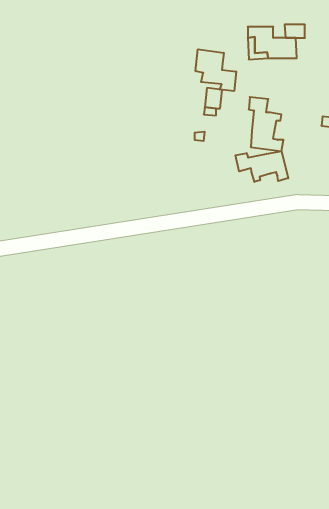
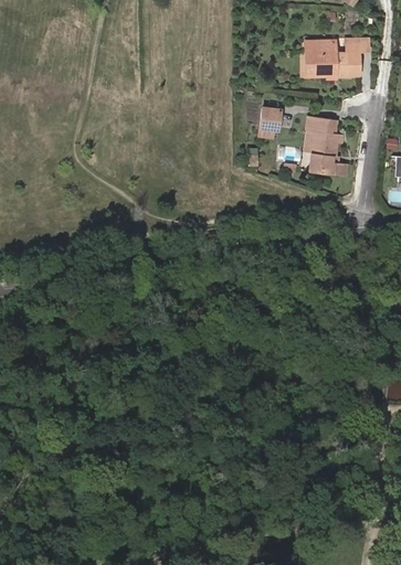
building: [196,49,236,91] -> none
building: [235,151,288,182] -> none

